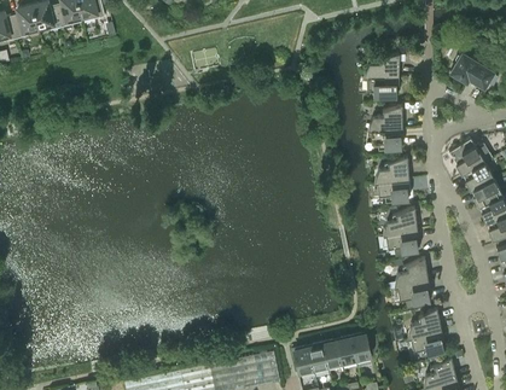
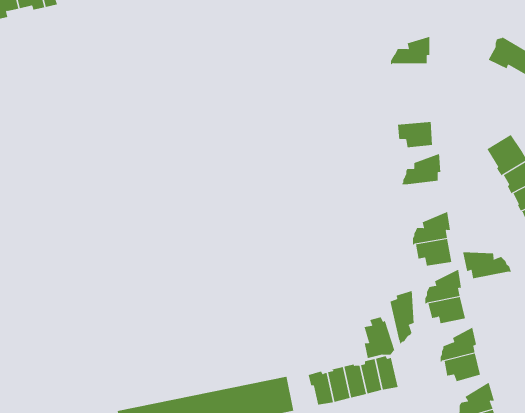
building: [366,77,396,98] -> none
building: [367,105,402,132] -> none
building: [377,180,408,203] -> none
building: none -> [463,252,512,279]
building: none -> [390,290,414,345]
building: none -> [364,316,395,359]

